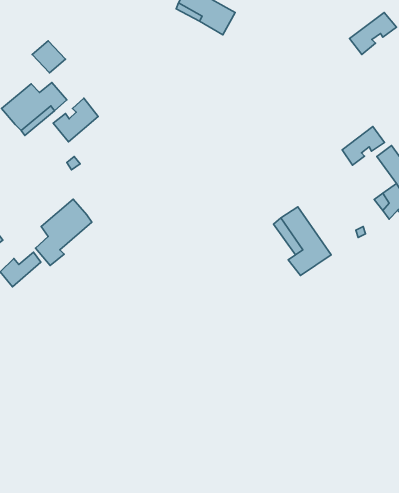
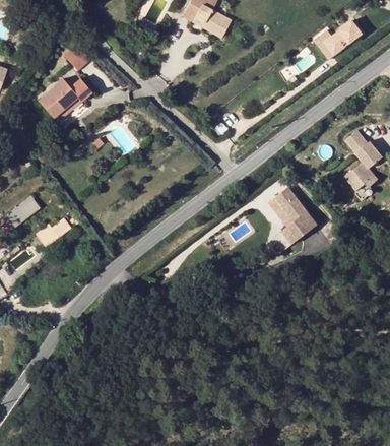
building: [53,98,98,142] -> none
building: [342,127,385,165] -> none
building: [36,199,92,266] -> none

